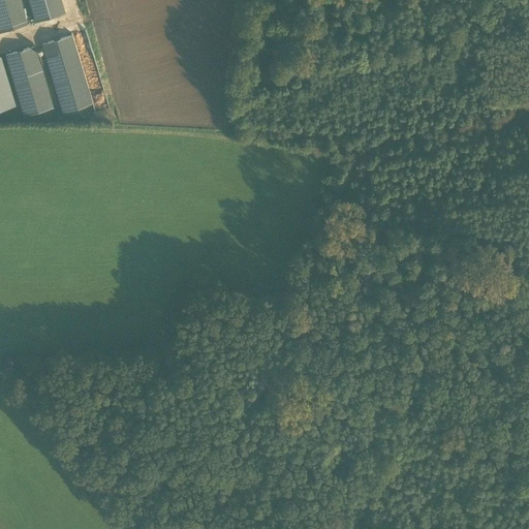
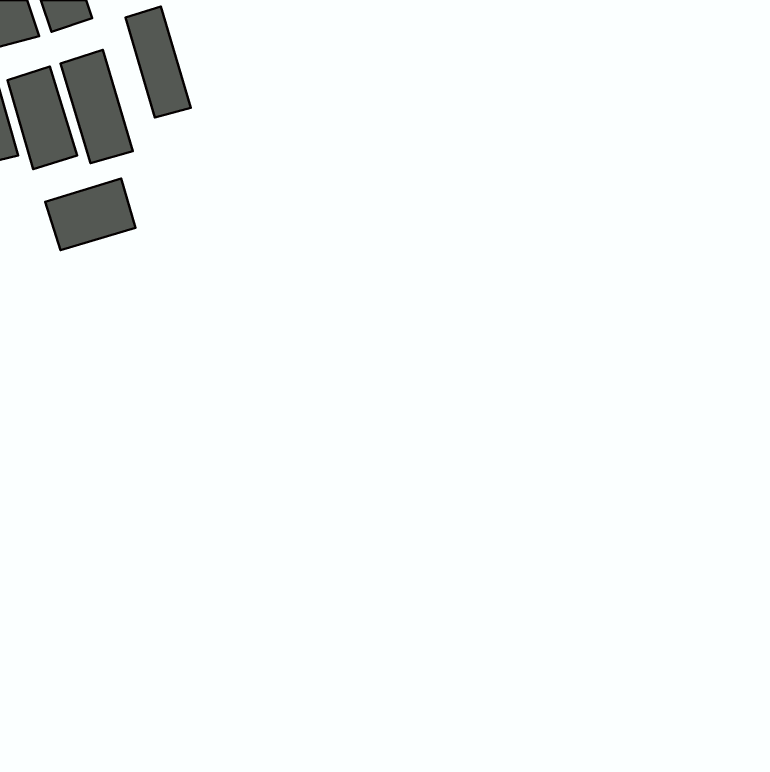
building: none -> [126,7,191,117]
building: none -> [45,178,136,250]

